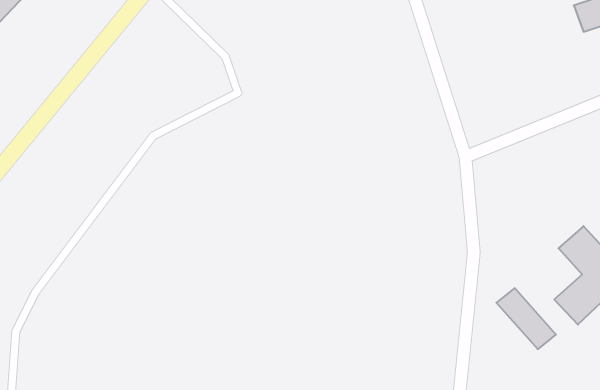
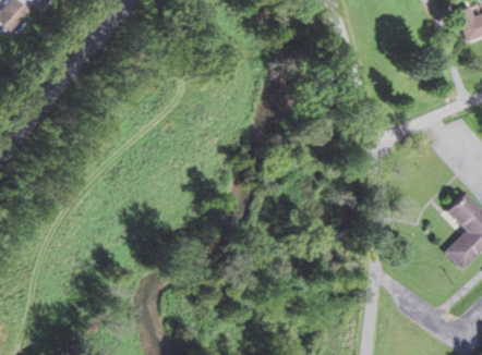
building: [496,288,556,349] -> none

